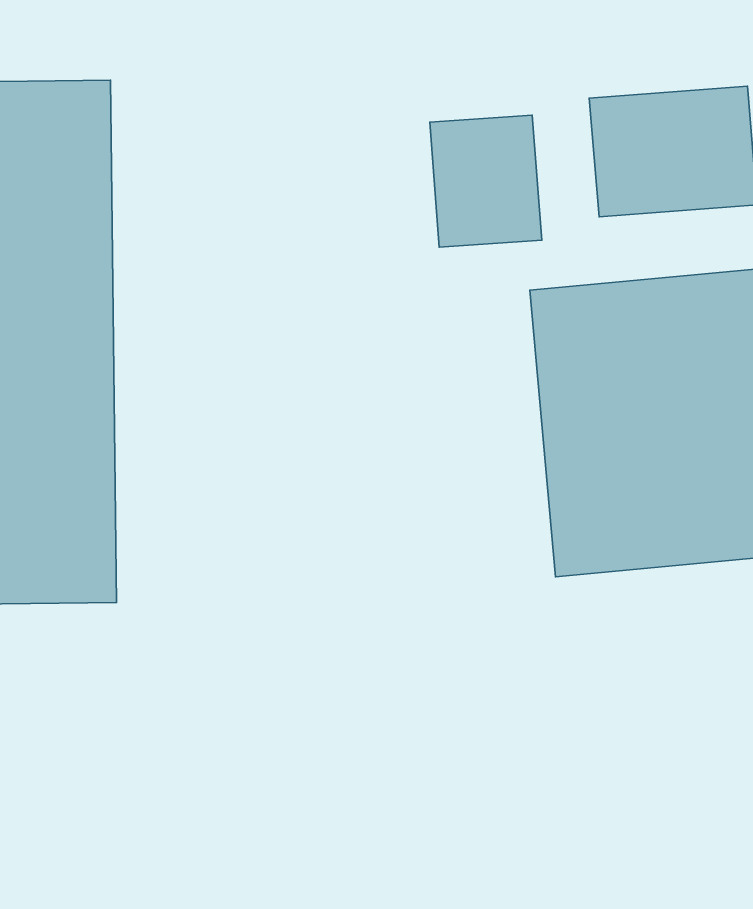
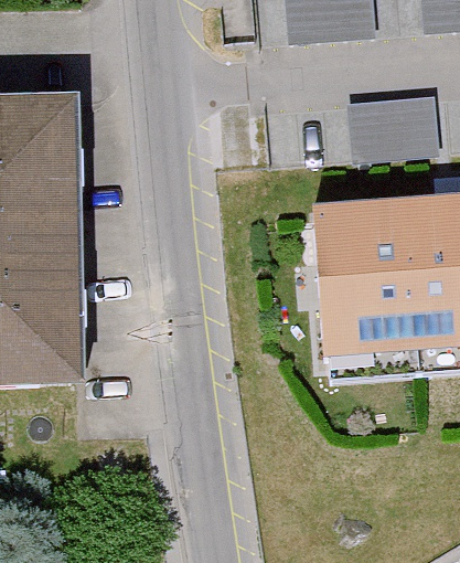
building: [430,115,542,247] -> none

